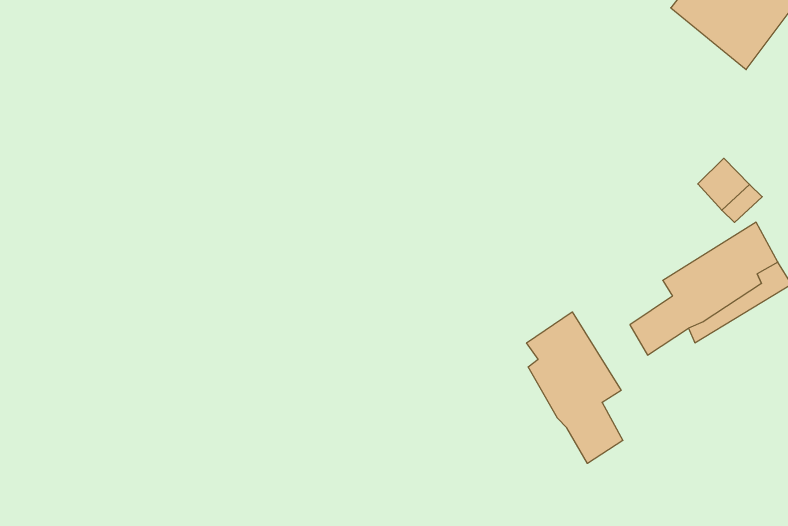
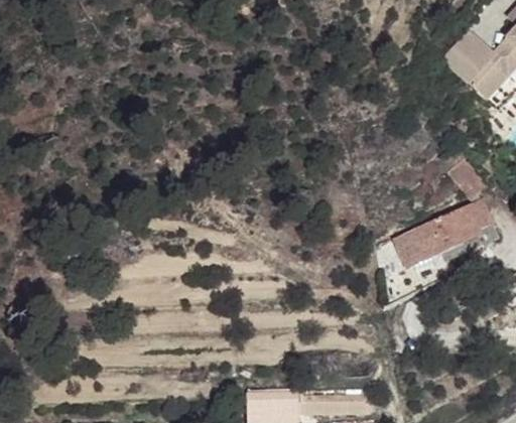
building: [527,312,623,463] -> none

